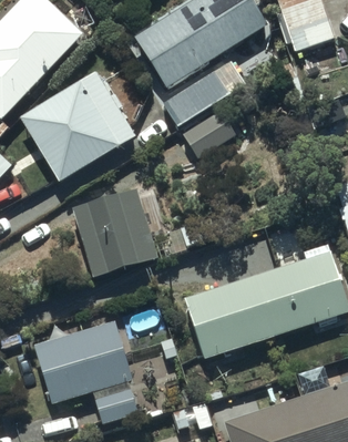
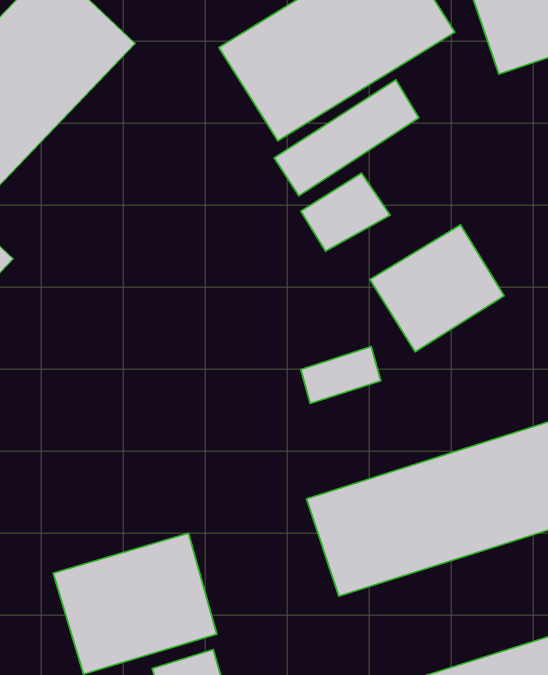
building: [20,72,134,182] -> none
building: none -> [370,225,504,352]
building: [73,191,157,277] -> none

